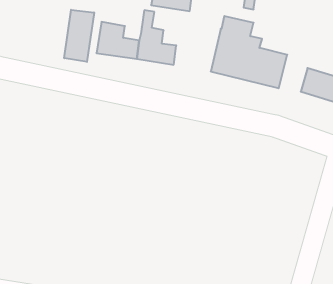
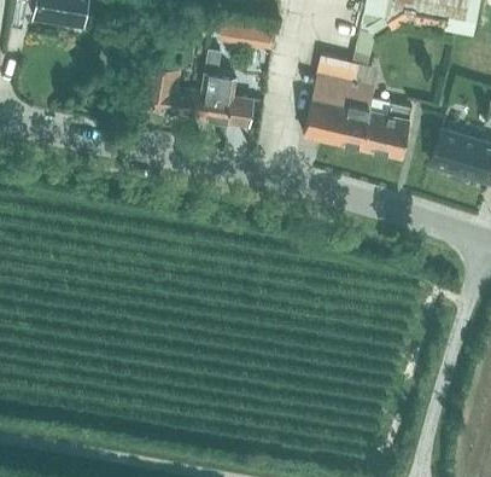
building: [64,10,94,62] -> none

